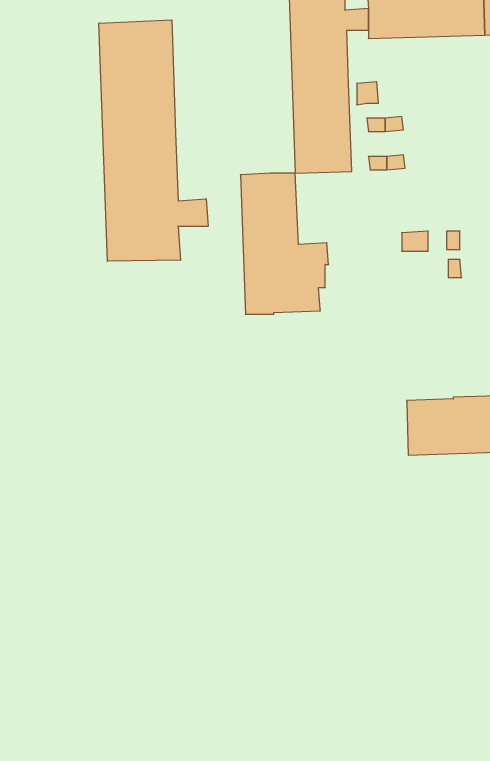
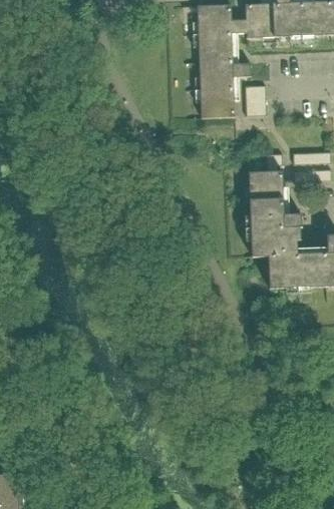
building: [99,20,208,261] -> none
building: [240,173,329,314] -> [249,170,302,256]

